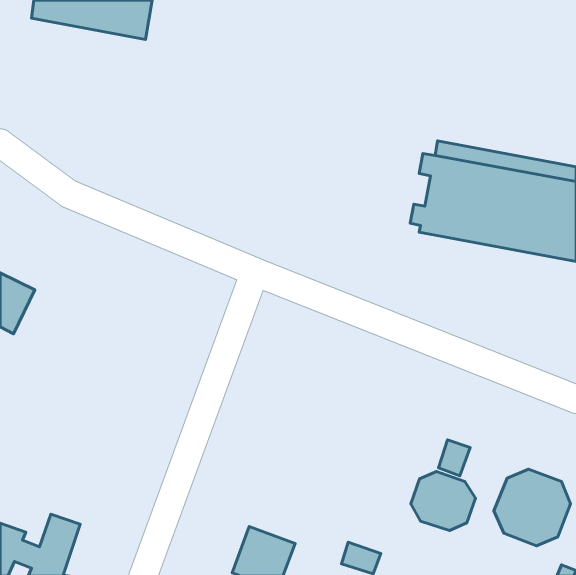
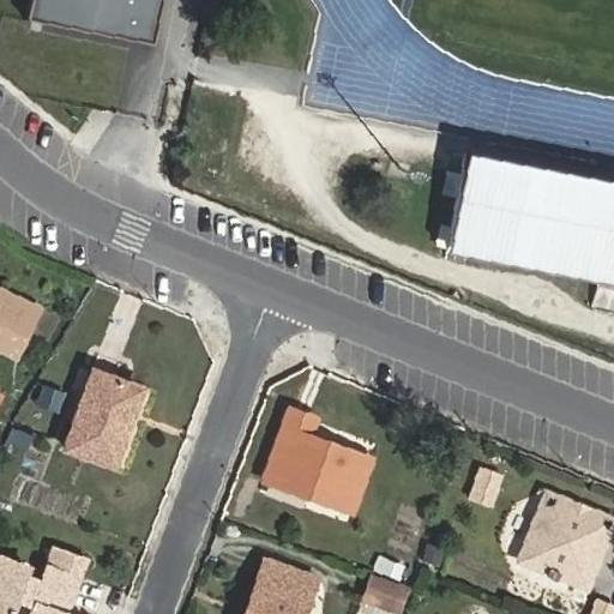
building: none -> [65,372,140,466]
building: none -> [264,410,371,512]
building: [411,472,475,530] -> none

